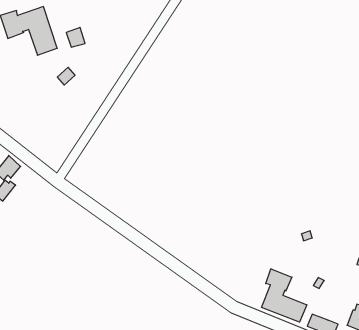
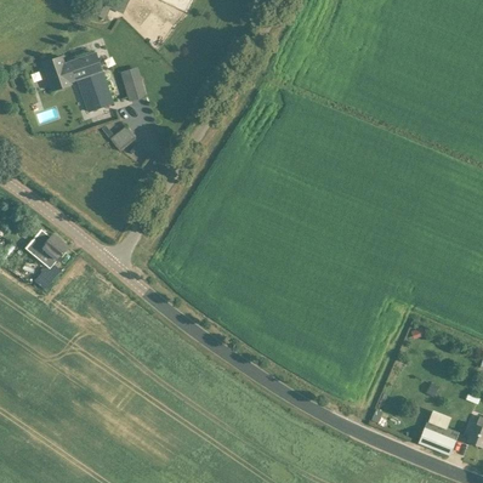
building: [261,269,307,322] -> none

